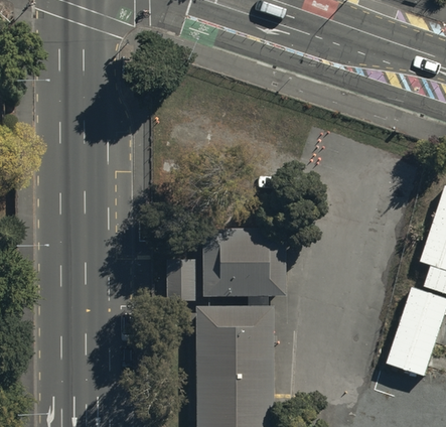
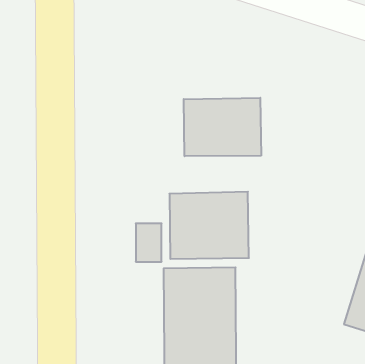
building: none -> [184,98,261,156]

